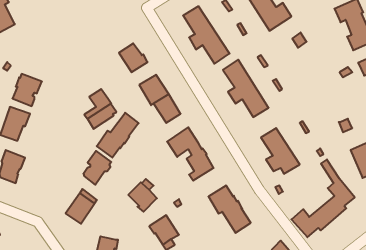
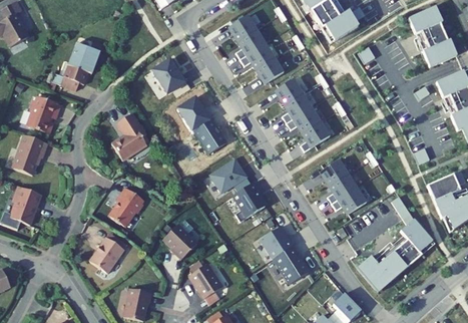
building: none -> [51,41,100,89]
building: [97,113,139,158] -> none

